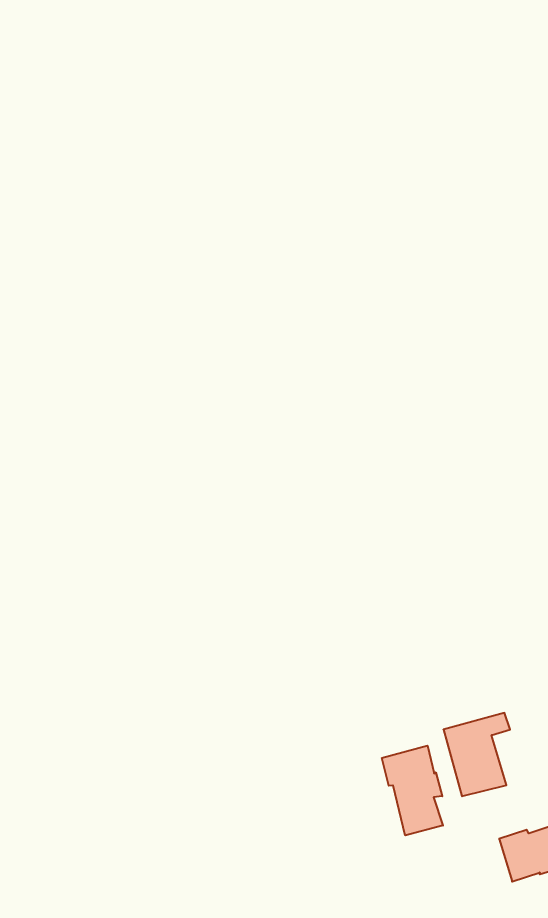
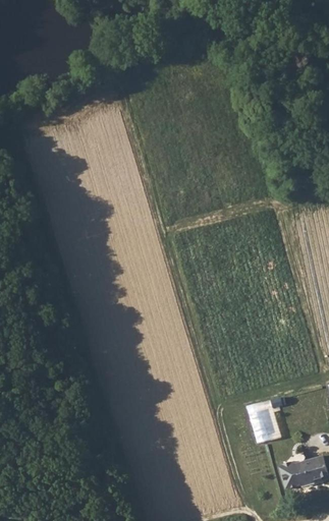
building: [382,746,443,835] -> none

